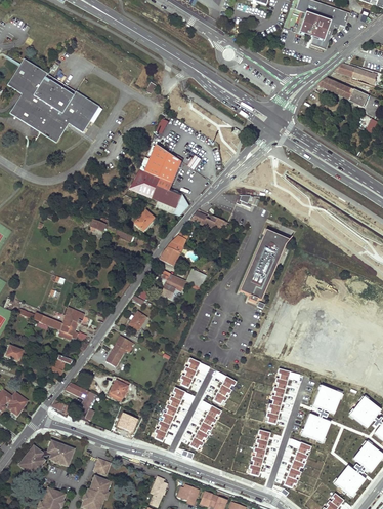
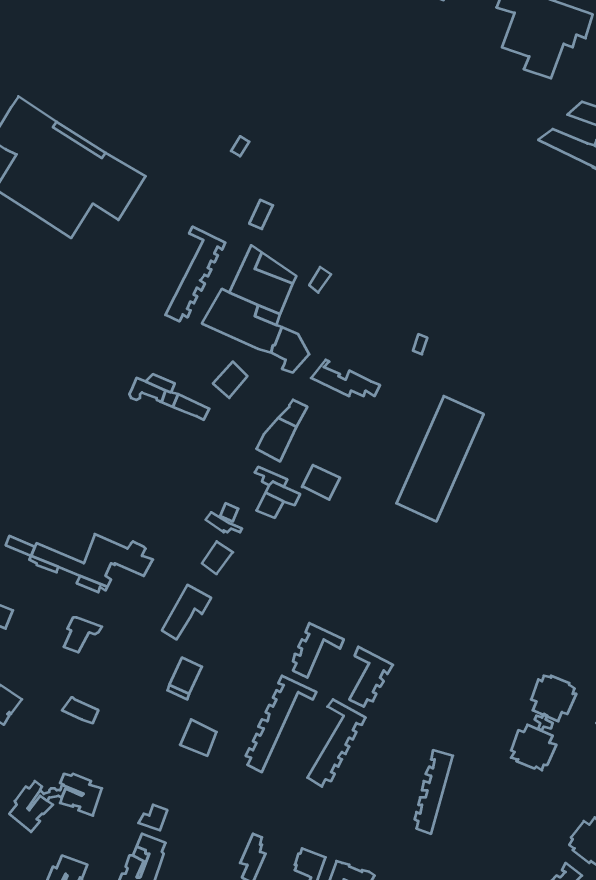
building: none -> [165,227,225,321]
building: [266,368,299,424] -> none
building: [65,382,95,421] -> none
building: [284,438,311,487] -> none

